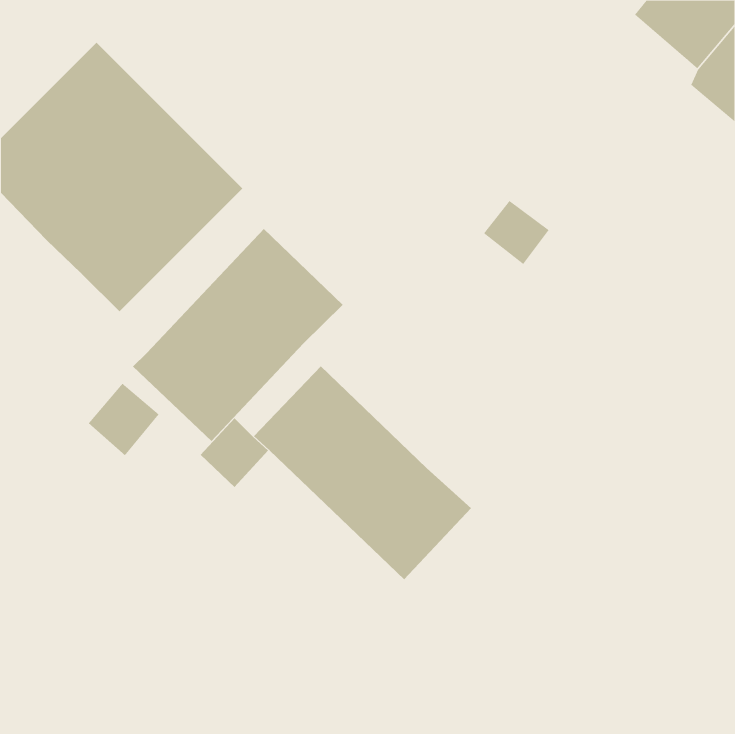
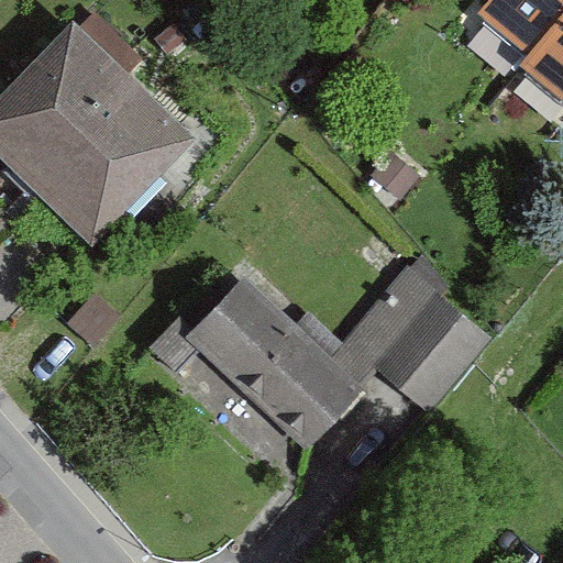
building: [132,228,343,442] -> none
building: none -> [327,267,490,406]

